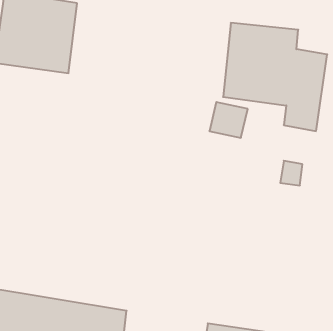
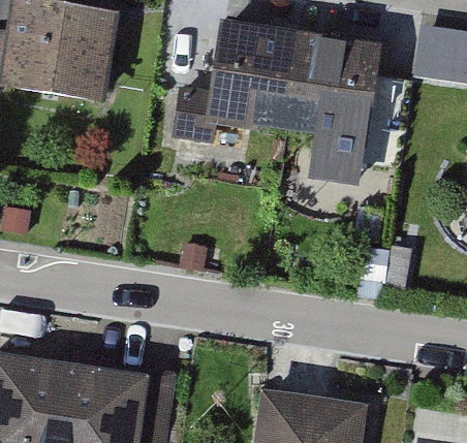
building: none -> [176,28,297,134]

